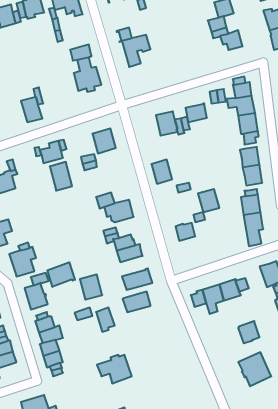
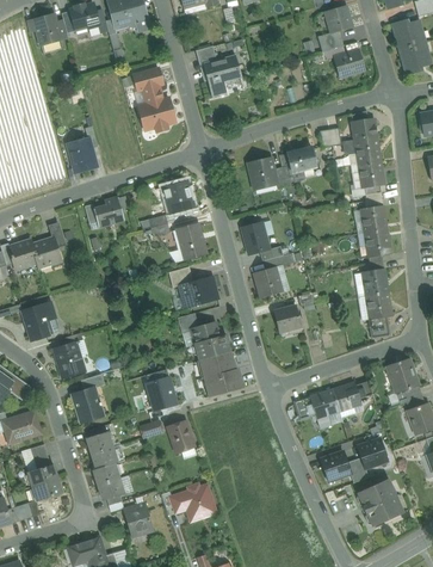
building: [50,162,72,191] -> [177,222,206,260]
building: [198,189,219,212] -> [254,266,283,297]
building: [47,262,75,287] -> none
building: [123,292,150,312] -> [197,351,234,378]
building: none -> [321,451,351,480]
building: none -> [126,501,153,535]

